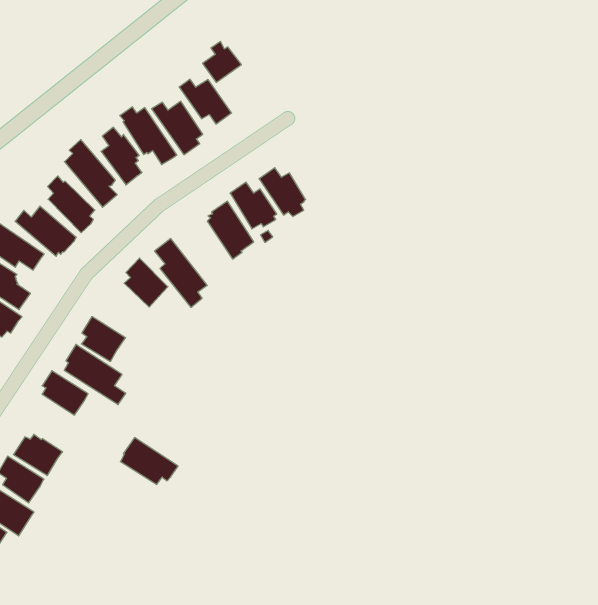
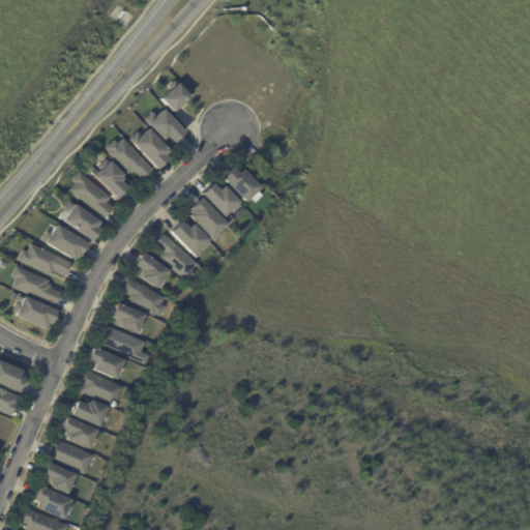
building: none -> [169,220,206,254]
building: none -> [119,275,165,315]
building: [120,438,178,485] -> [82,373,125,405]

